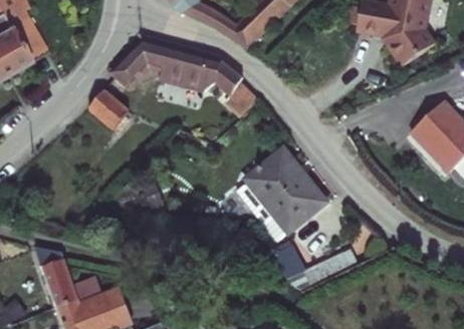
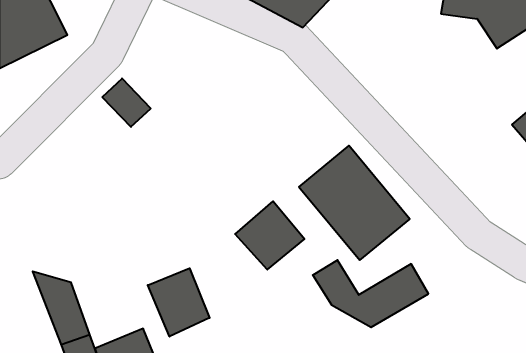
building: [108,44,238,96] -> none
building: none -> [235,201,304,270]
building: none -> [148,268,210,337]

